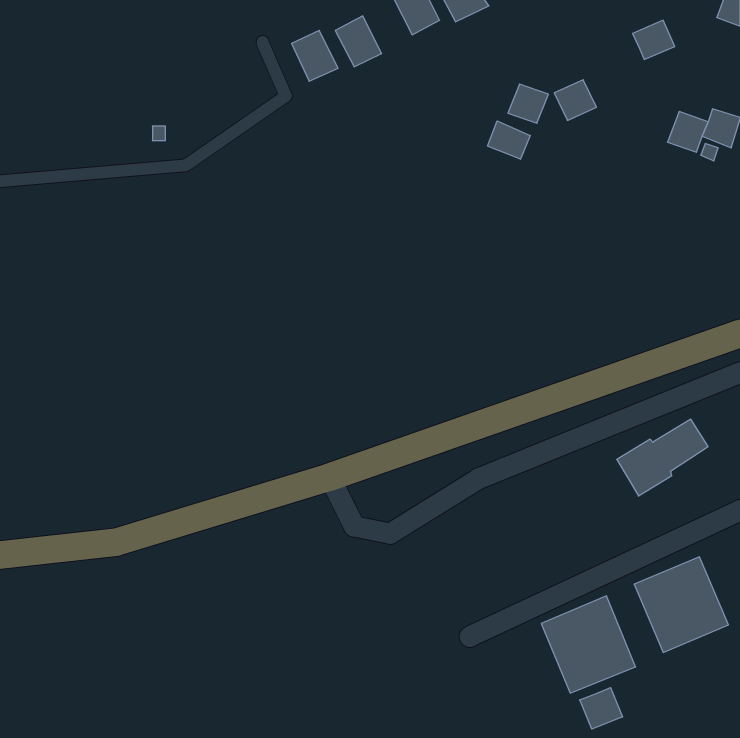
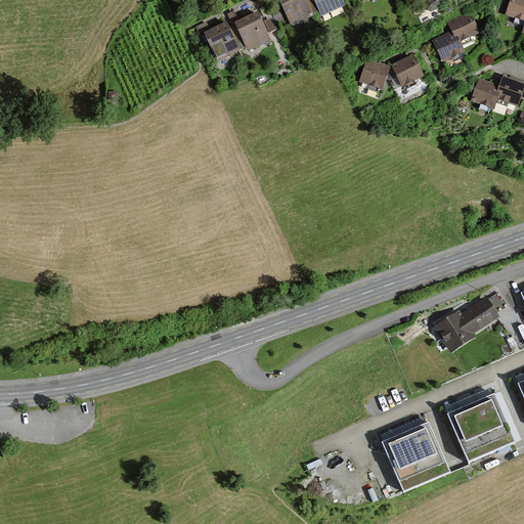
building: none -> [432,35,460,63]
building: [487,121,530,159] -> none
building: [580,688,623,729] -> none

